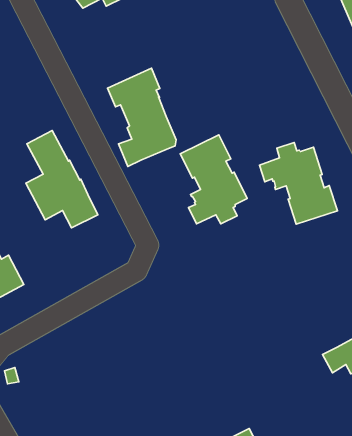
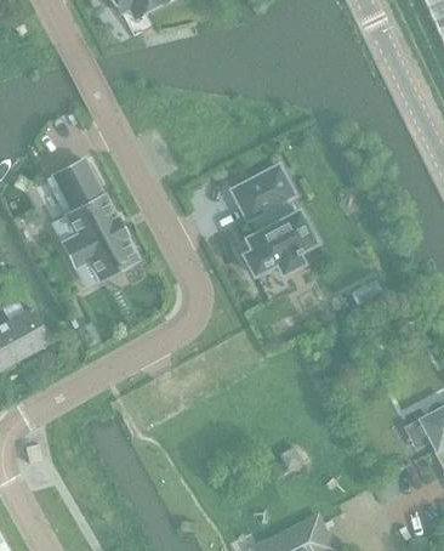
building: [107,68,176,167] -> none
building: [259,143,337,224] -> none

